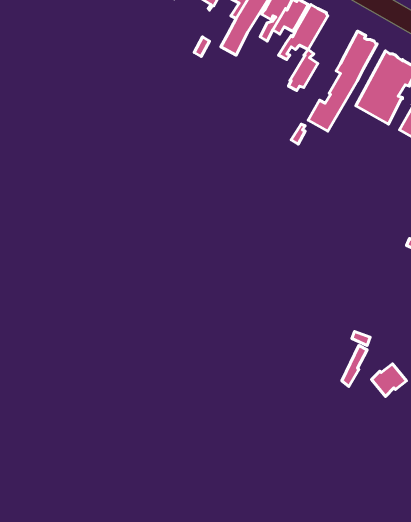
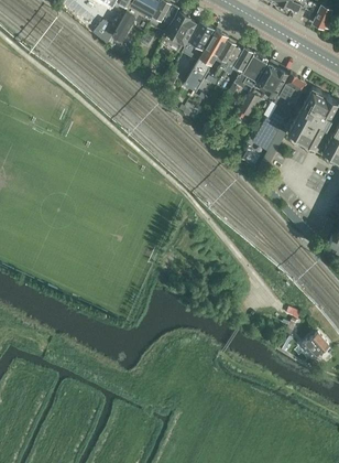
building: none -> [256,63,287,101]

